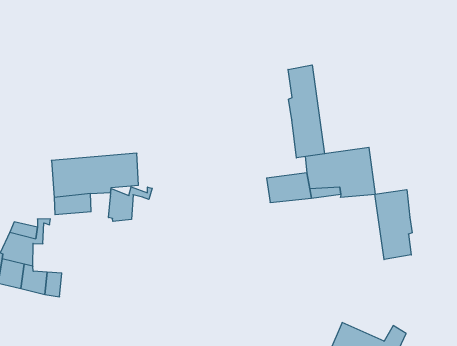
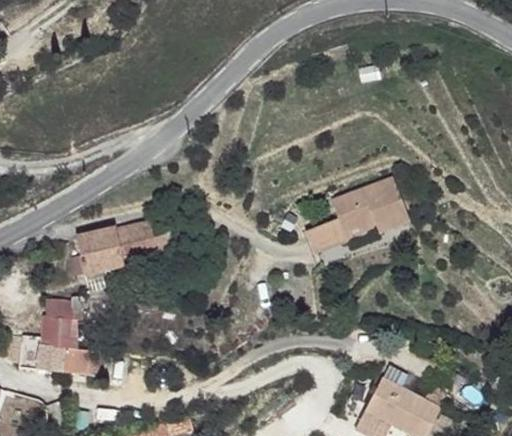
building: [288,65,325,158] -> none
building: [109,187,152,221] -> none
building: [375,190,412,260] -> none

